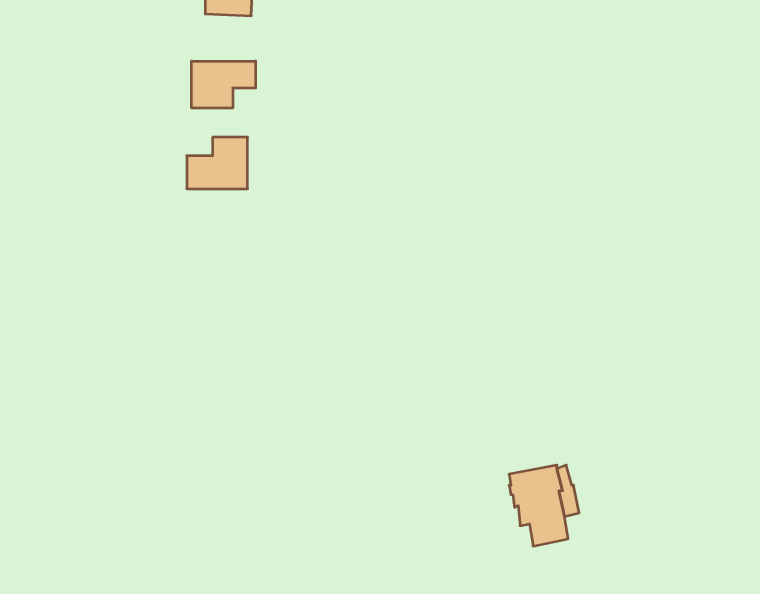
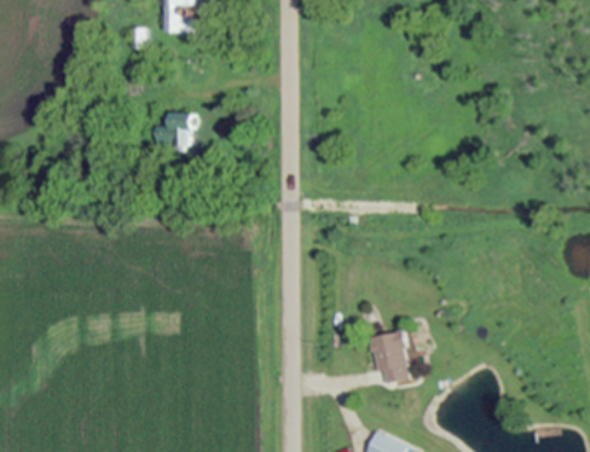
building: [192,61,256,108] -> none

